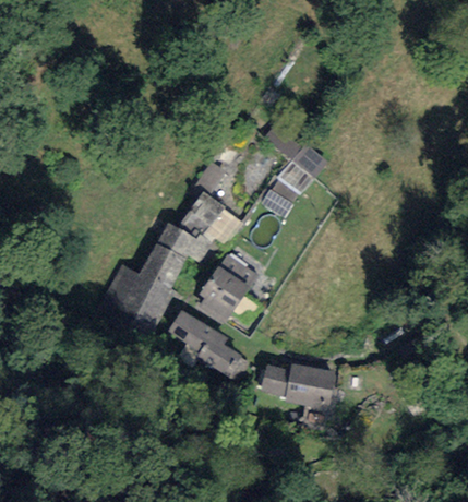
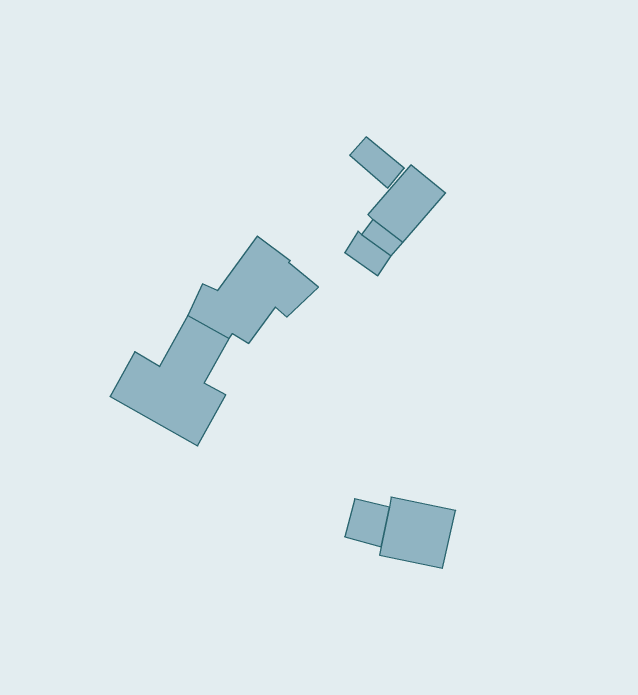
building: [199,253,256,323] -> none
building: [168,310,239,372] -> none

